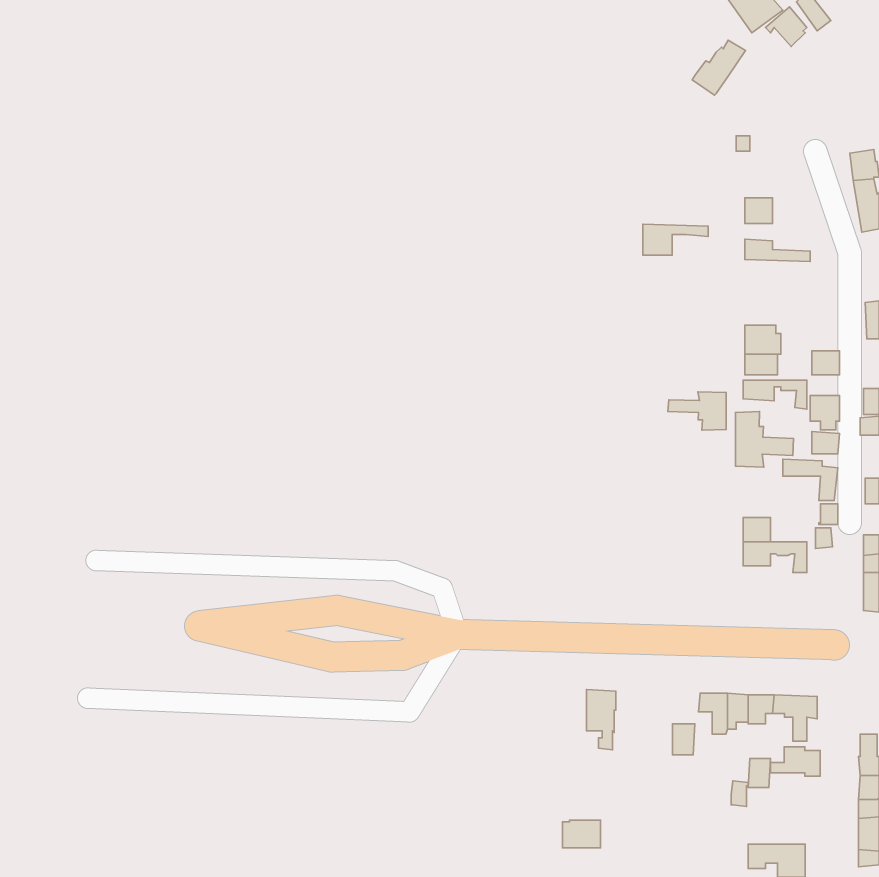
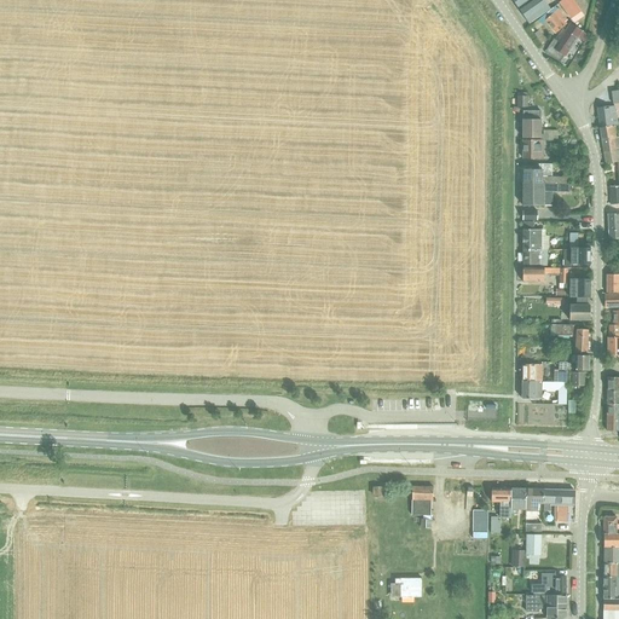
building: [692,40,746,95] -> [544,23,582,62]
building: none -> [523,110,557,139]
building: [643,224,708,255] -> [523,183,569,204]
building: [668,392,726,430] -> none
building: [736,411,794,467] -> none
building: [770,747,820,776] -> [531,573,566,594]

